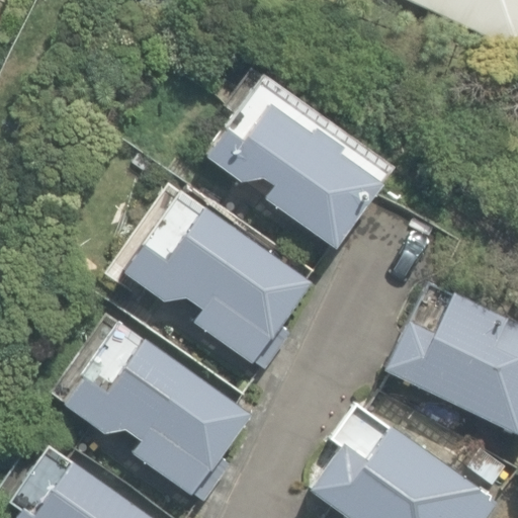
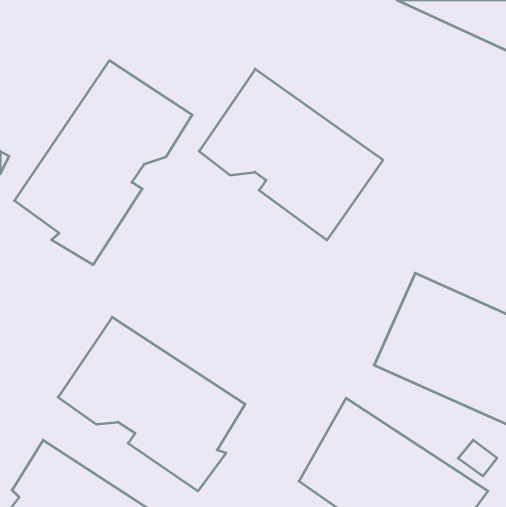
building: none -> [14,61,192,265]
building: [123,189,312,369] -> none

